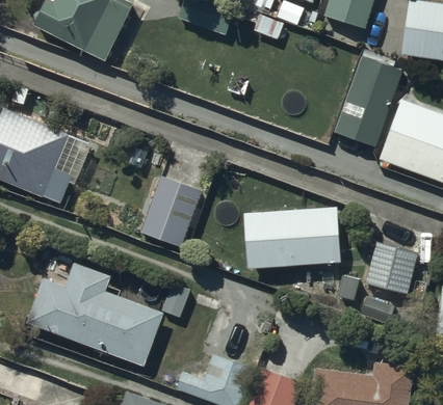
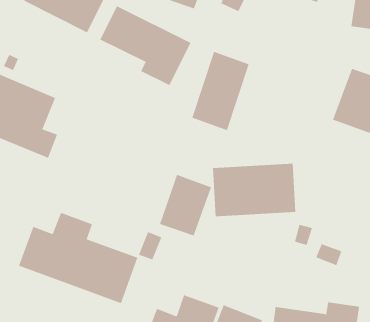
building: none -> [99,6,191,86]
building: [336,57,401,146] -> [191,51,250,131]
building: [141,177,201,246] -> [159,174,212,236]
building: [366,242,419,294] -> none

